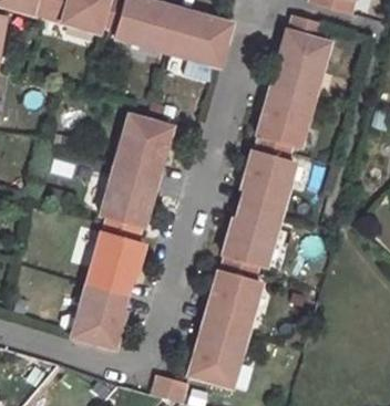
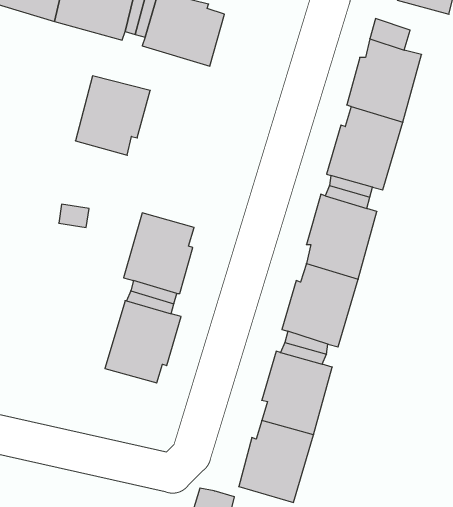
building: [167,12,232,66] -> none
building: [115,115,173,176] -> [75,76,150,155]
building: [72,284,126,348] -> none

